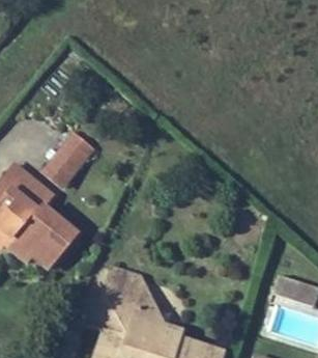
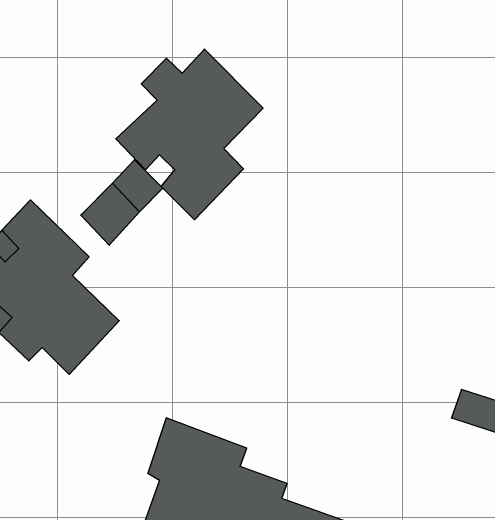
building: none -> [116,49,263,220]
building: [105,266,154,310] -> none

